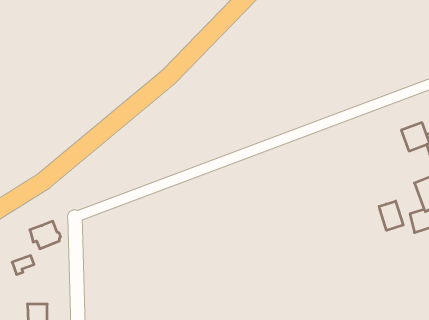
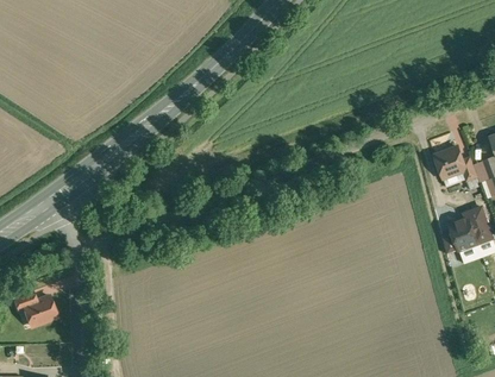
building: [379,201,403,230] -> none
building: [30,221,61,249] -> [26,296,59,326]

